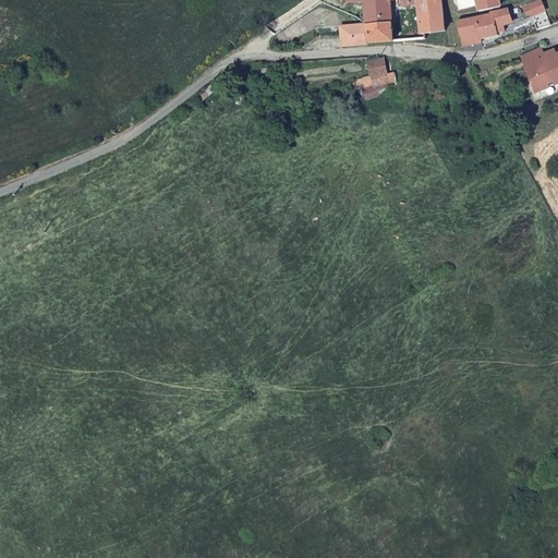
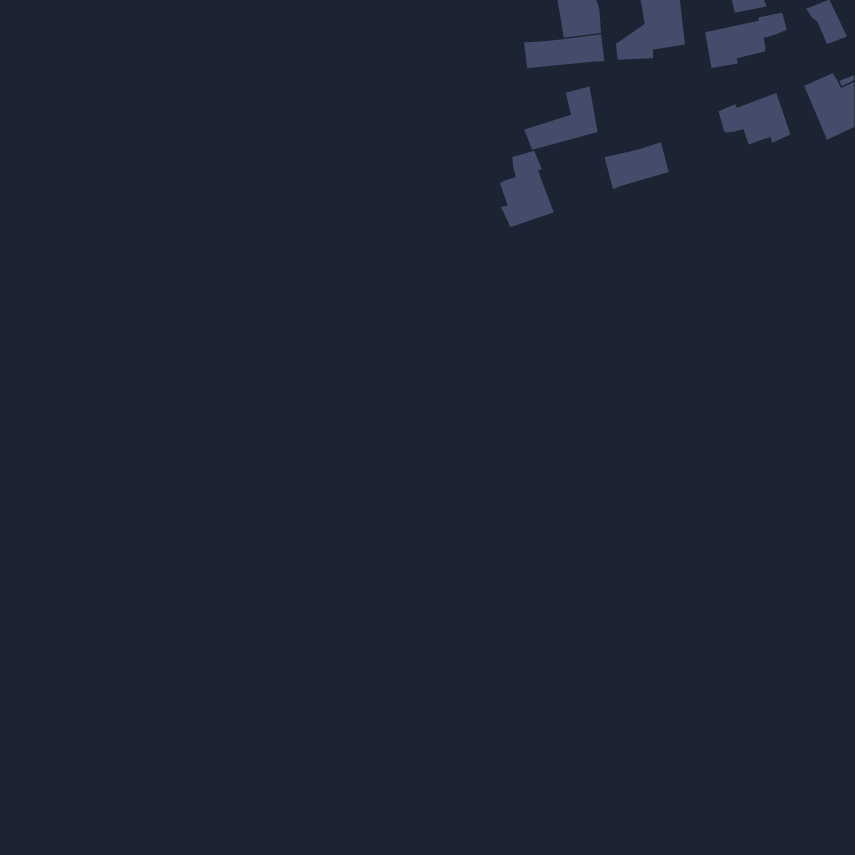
building: none -> [717,92,792,146]
building: none -> [604,141,670,190]
building: none -> [499,150,555,228]

